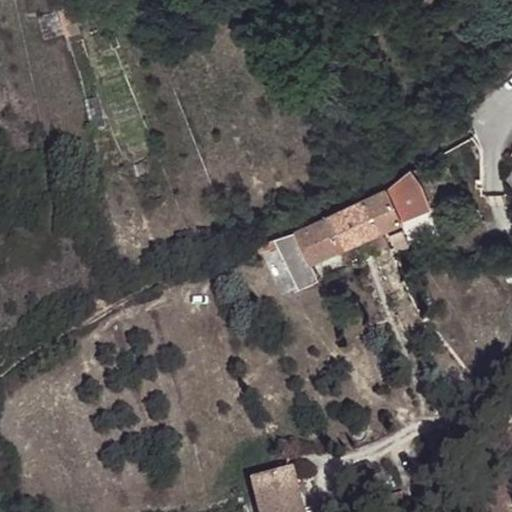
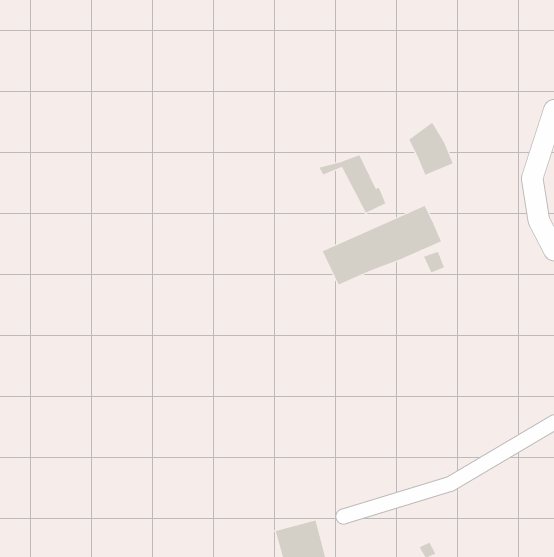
building: [390,173,431,222] -> [409,122,453,175]
building: [257,231,319,285] -> [319,154,386,213]

